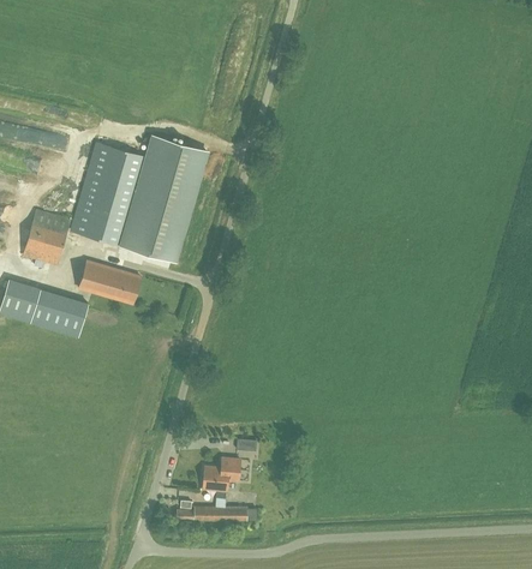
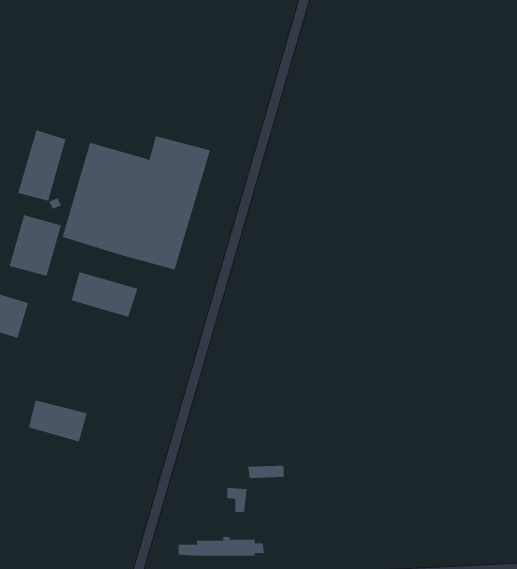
building: none -> [17,130,66,201]
building: [32,298,86,336] -> [28,400,88,442]
building: [201,466,227,491] -> none

